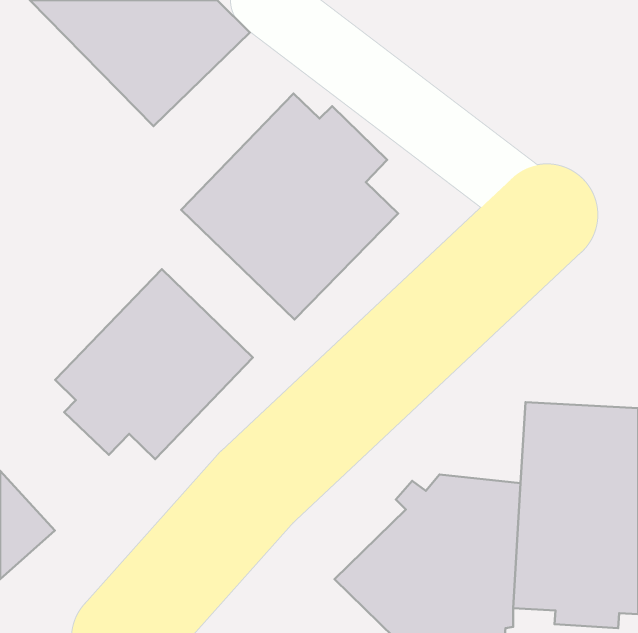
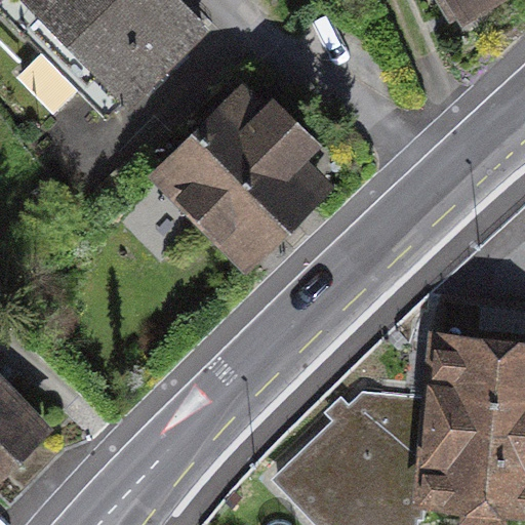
building: [55,269,253,459] -> none

